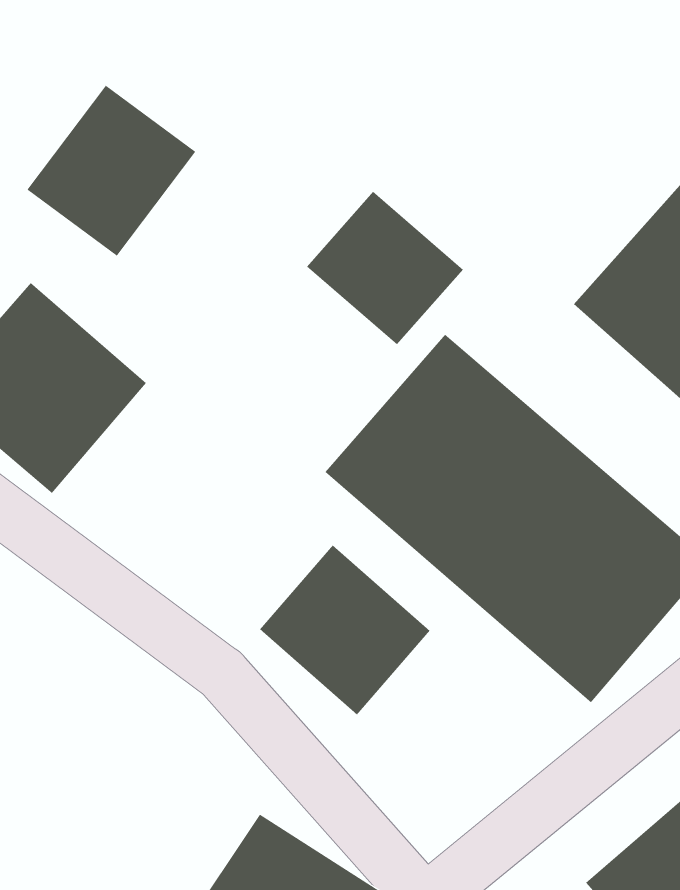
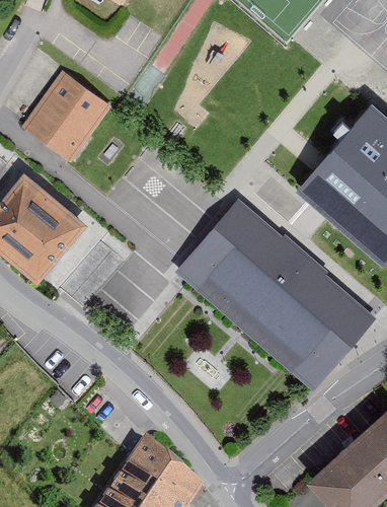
building: [306,191,464,345] -> none
building: [259,544,430,715] -> none

